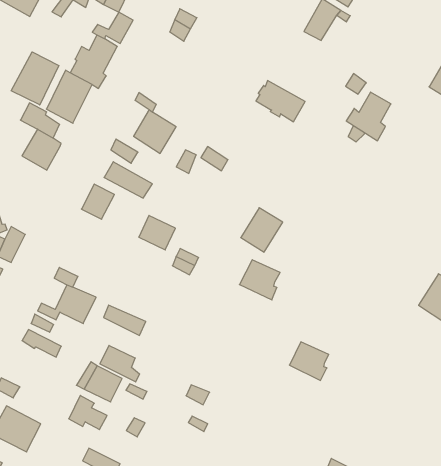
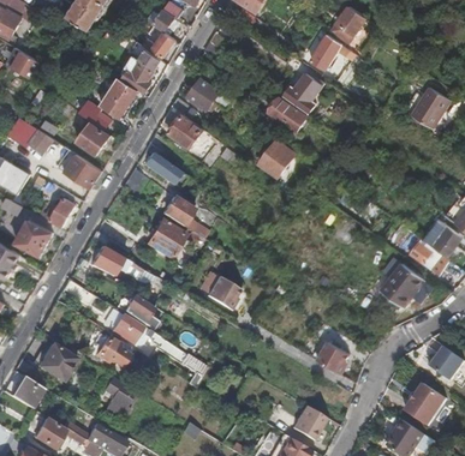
building: [11,52,59,105] -> none
building: none -> [187,77,232,109]
building: [346,92,391,141] -> [284,72,321,112]
building: none -> [64,152,102,188]
building: [241,208,283,252] -> [258,139,293,175]
building: none -> [149,221,189,259]
building: [239,260,280,300] -> [210,278,244,312]
building: [289,342,329,380] -> [316,341,348,373]

